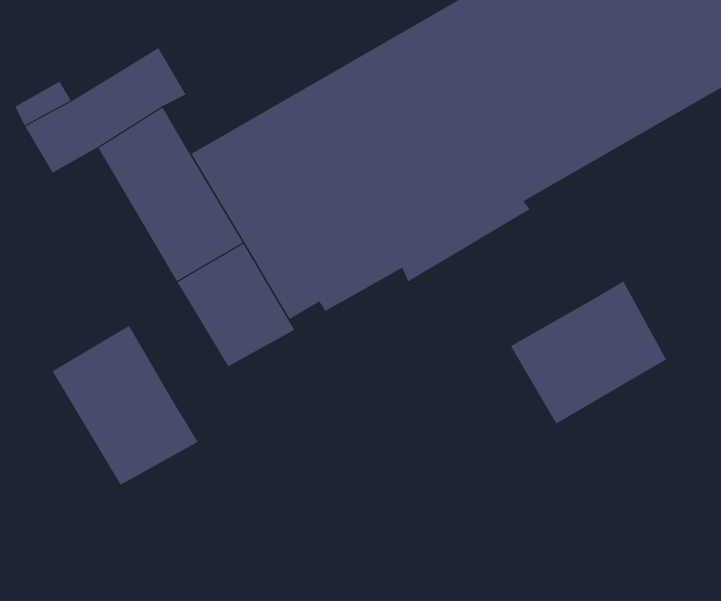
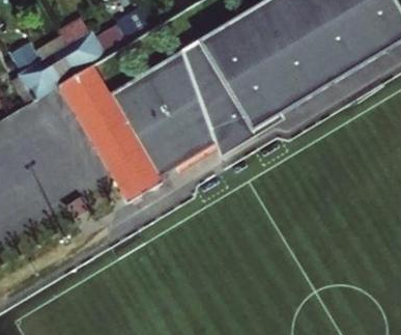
building: [510,281,667,425] -> none
building: [52,325,198,486] -> none

